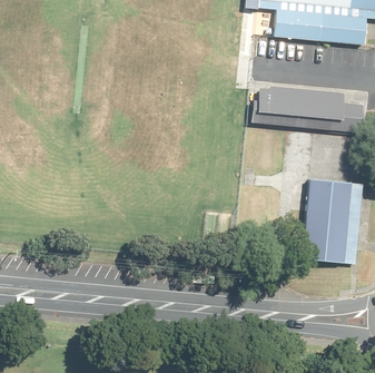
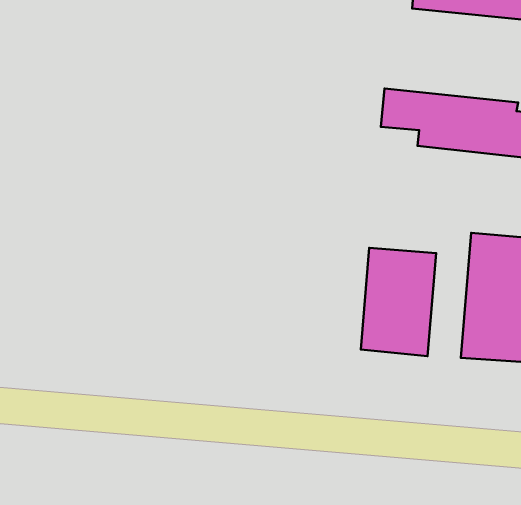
building: none -> [361,248,436,356]

